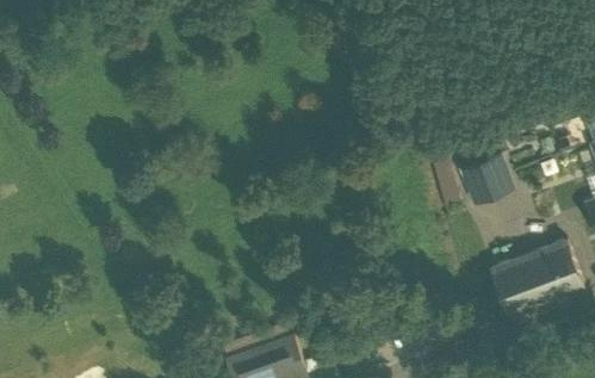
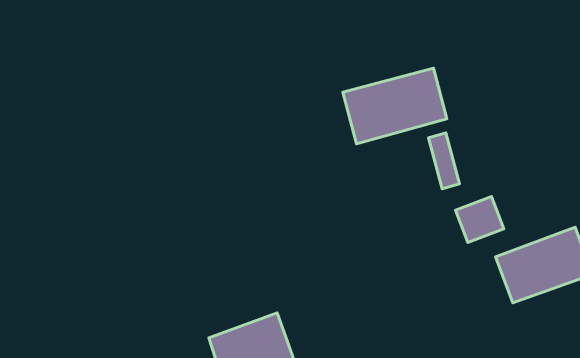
building: none -> [343,68,447,144]
building: [469,159,515,203] -> [456,197,504,242]

